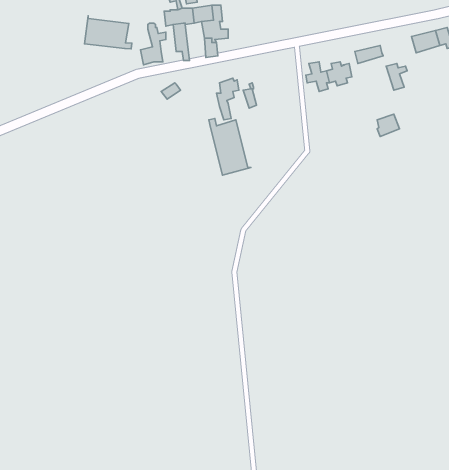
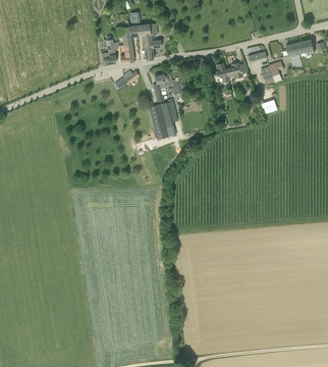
building: [84,16,132,49] -> none

